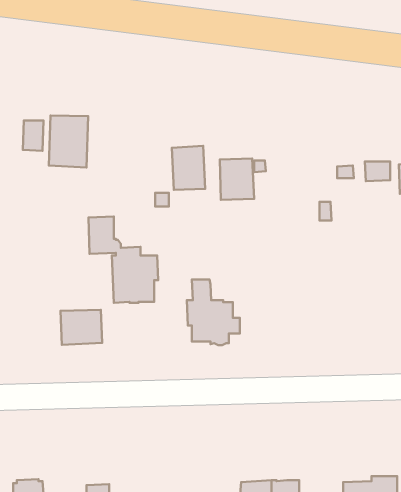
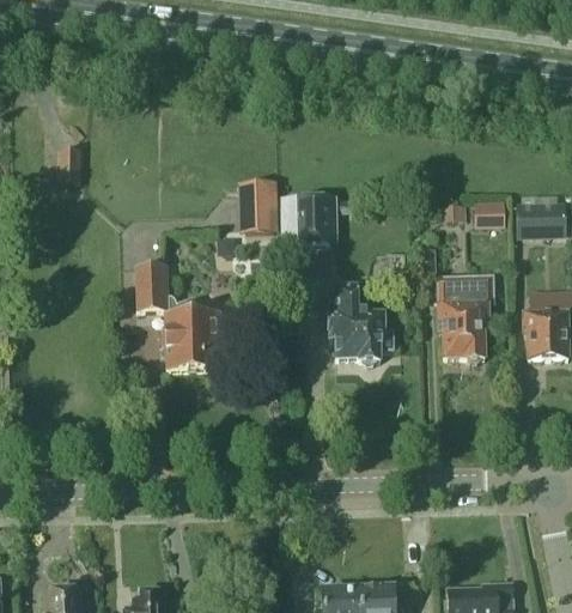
building: [49,116,88,167] -> none
building: none -> [437,275,493,364]
building: [187,280,240,345] -> [329,285,394,365]
building: [61,310,102,345] -> none

